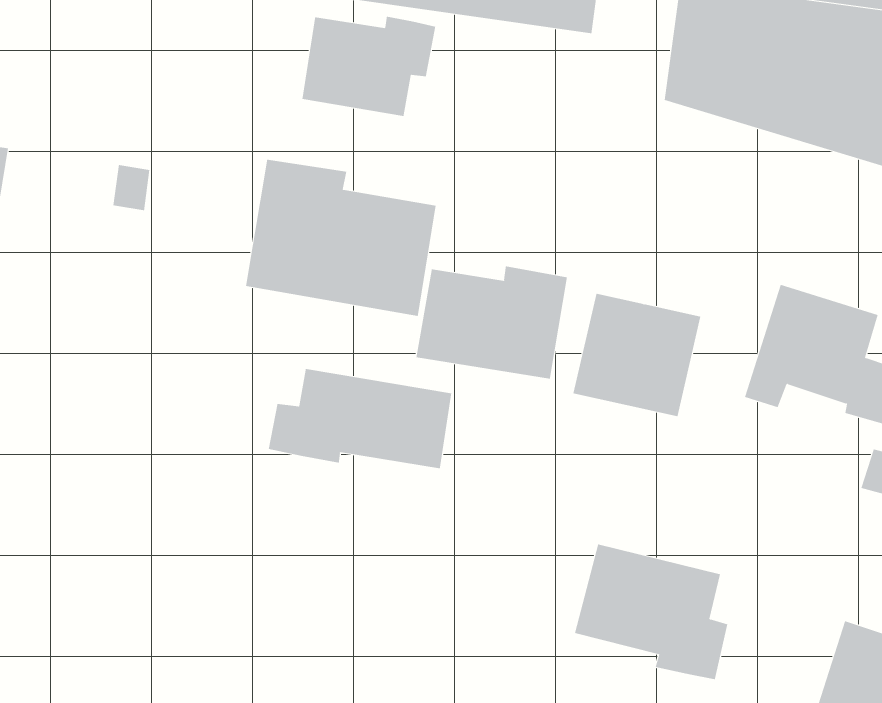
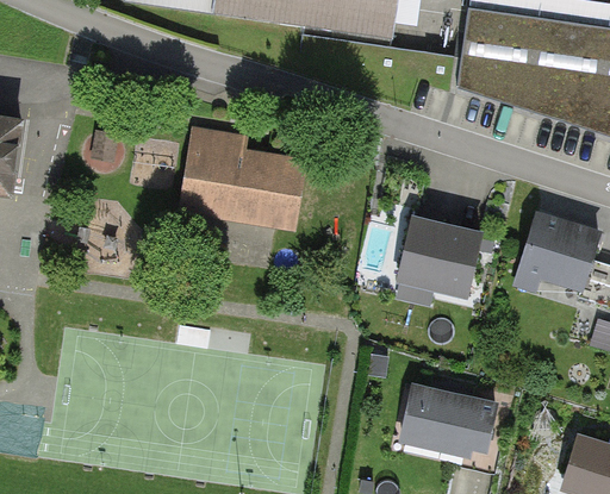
building: [302,16,436,117] -> none
building: [416,266,567,380] -> none
building: [268,368,452,469] -> none

